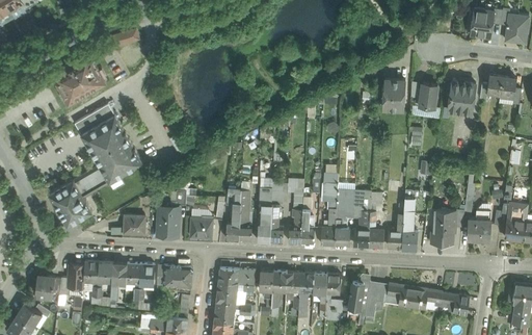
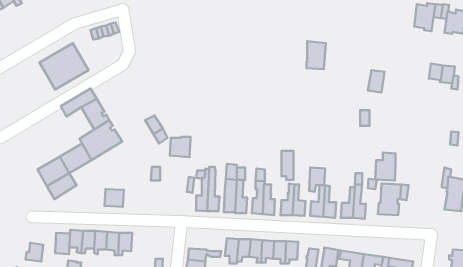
building: [383,78,405,109] -> [306,41,326,69]
building: [448,80,476,112] -> none
building: [81,124,112,159] -> none
building: [158,207,179,237] -> none
building: [468,210,490,241] -> [375,153,396,180]
building: [190,216,213,239] -> [170,137,190,157]
building: [157,265,193,286] -> none
building: [218,268,256,285] -> none

